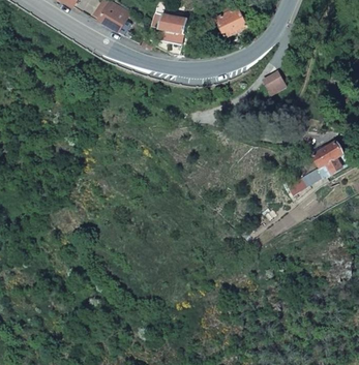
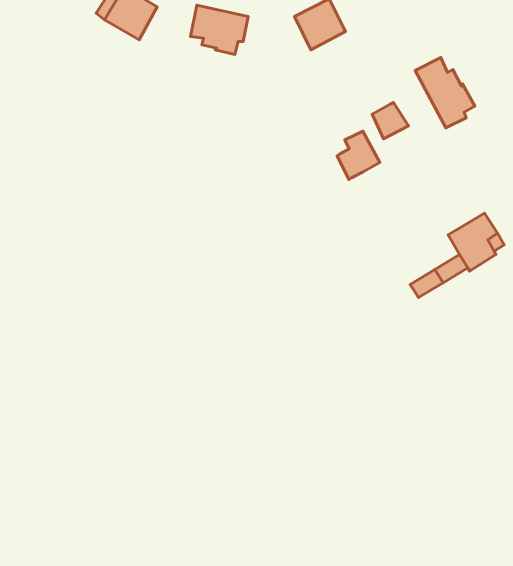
building: none -> [415,57,475,128]
building: none -> [337,131,380,179]

